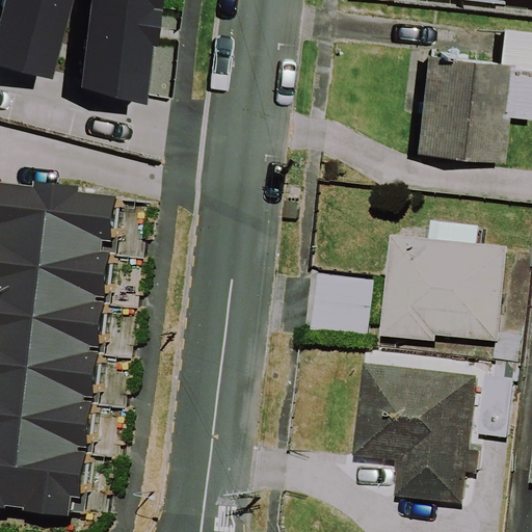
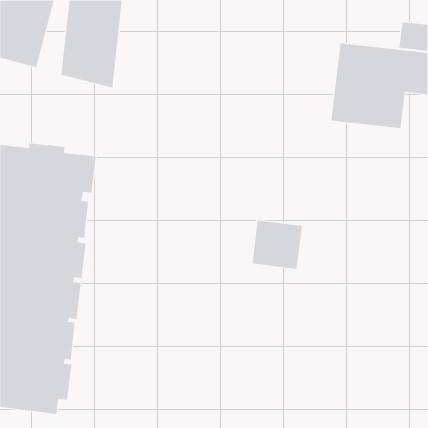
building: [381,219,508,341] -> none
building: [355,363,480,504] -> none

